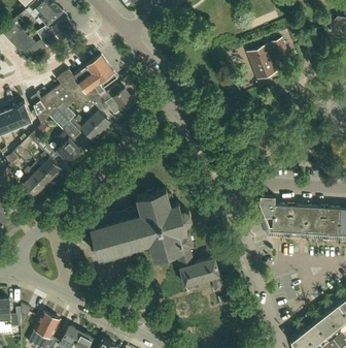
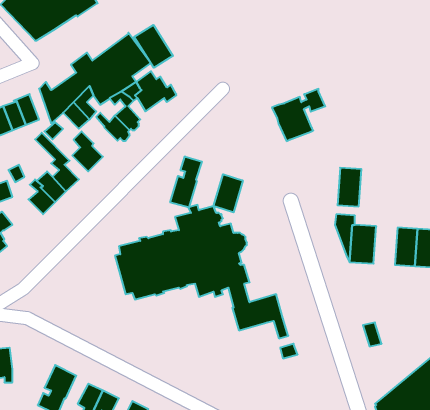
building: [246,39,287,80] -> [272,89,325,141]
building: none -> [134,25,173,68]
building: none -> [170,156,202,207]
building: none -> [214,174,243,212]
building: [289,204,308,234] -> [337,168,361,206]

